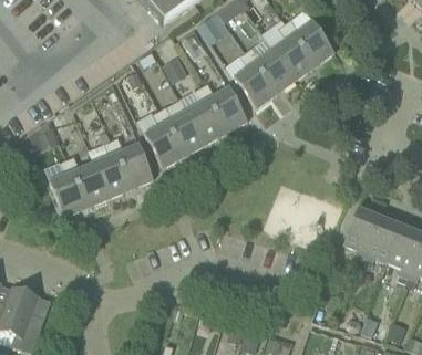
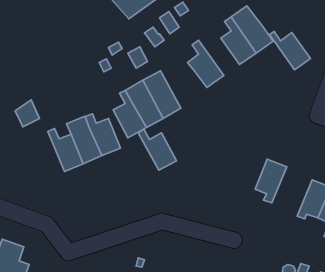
building: [246,48,295,93] -> [269,32,310,70]
building: [200,83,246,132] -> [138,129,176,170]
building: [49,159,86,217] -> none
building: [343,208,381,260] -> [255,159,287,203]

